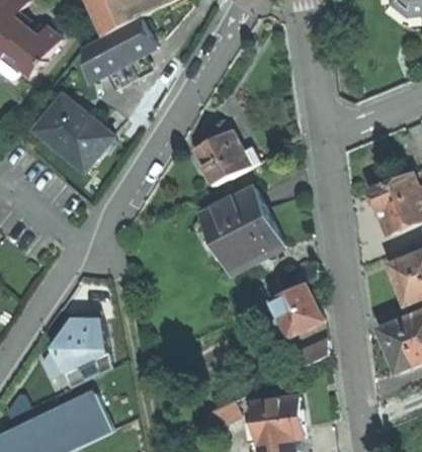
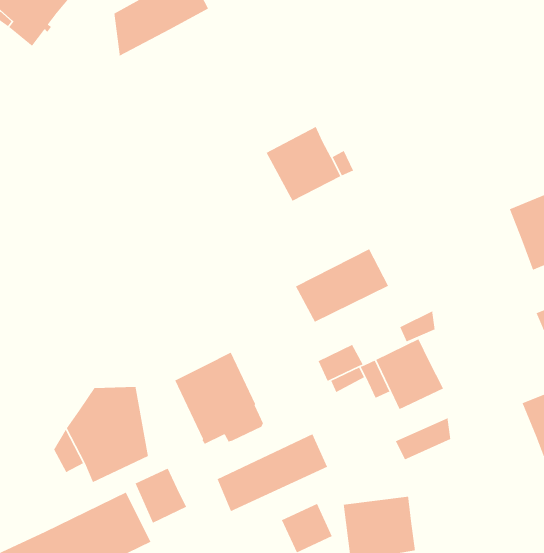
building: [34,96,110,169] -> none
building: [200,186,269,245] -> none
building: none -> [174,351,264,445]
building: none -> [216,433,328,512]
building: none -> [134,468,187,524]

